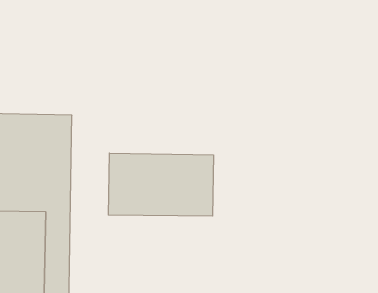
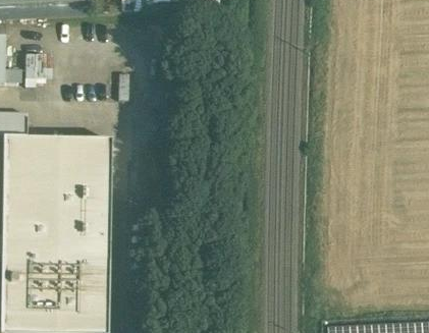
building: [108,153,213,216] -> none

